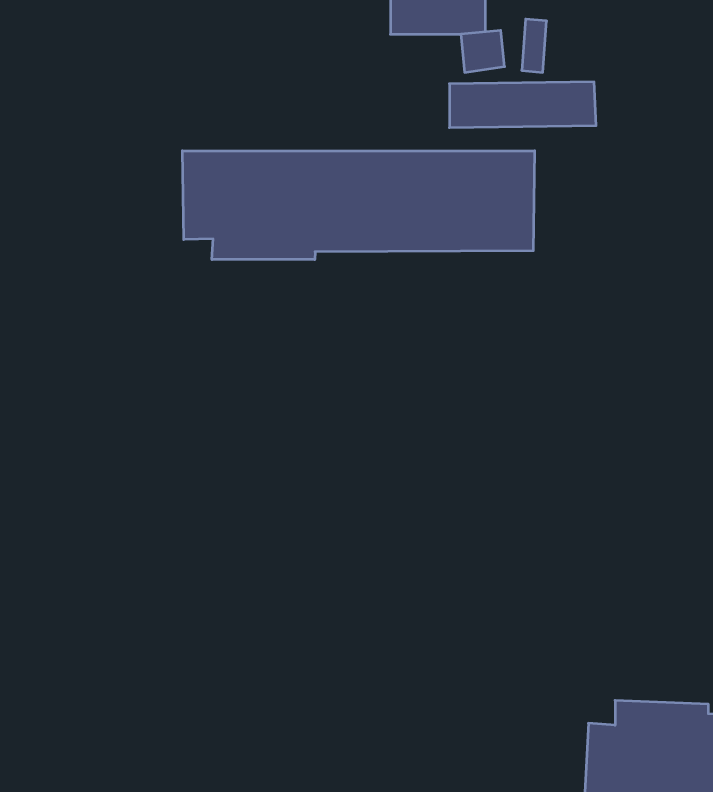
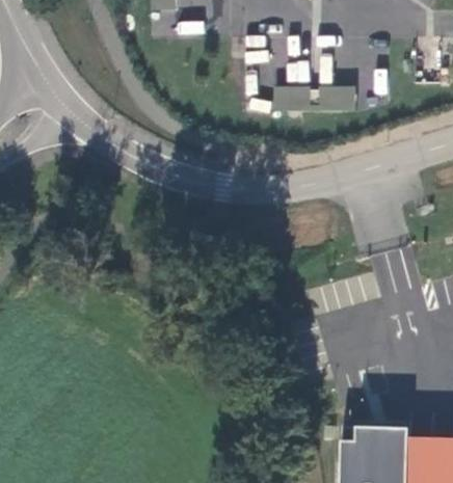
building: [182,151,535,260] -> none

